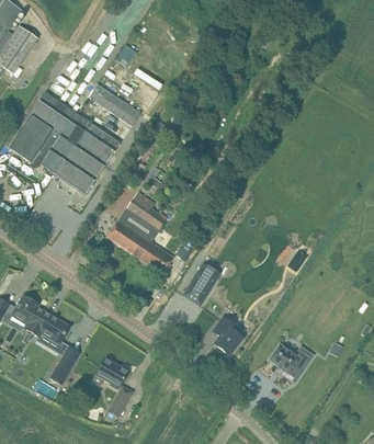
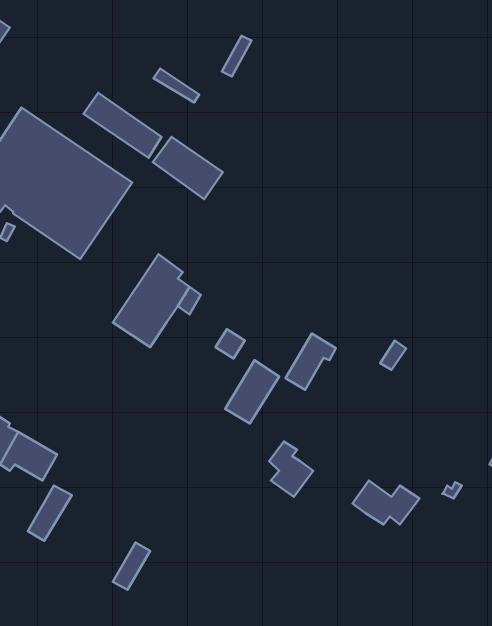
building: none -> [153,137,223,199]
building: [133,237,173,273] -> none
building: none -> [286,333,336,390]
building: [97,357,128,386] -> none

